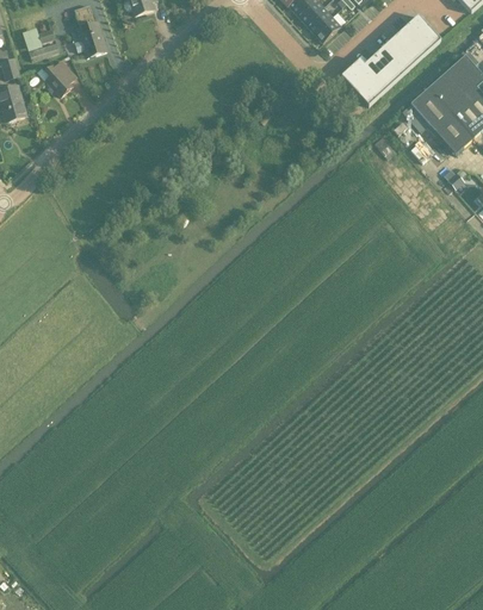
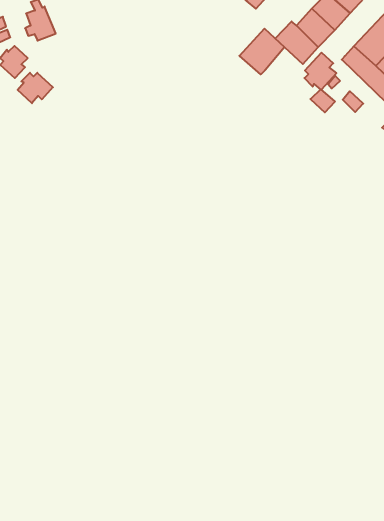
building: none -> [239,29,284,74]
building: none -> [18,73,53,103]
building: none -> [304,53,336,90]

